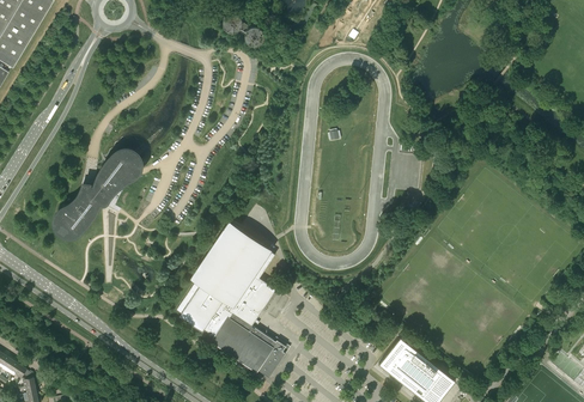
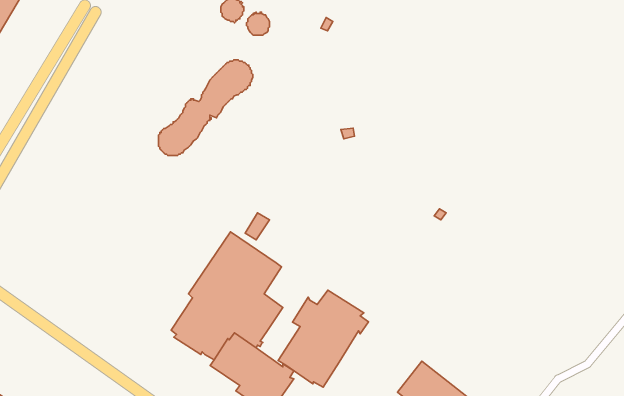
building: [56,150,140,234] -> [158,60,253,156]
building: none -> [278,290,368,387]

